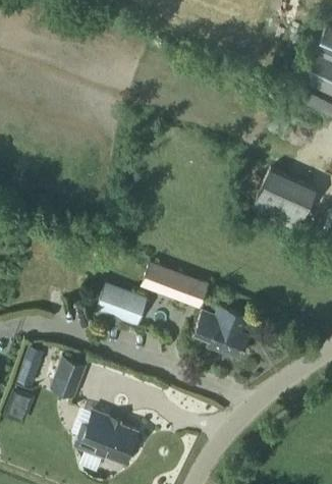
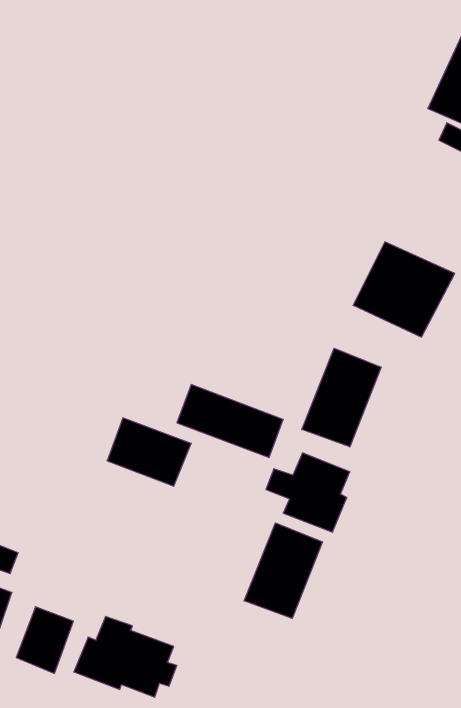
building: none -> [302,348,381,447]
building: none -> [244,523,322,618]
building: [50,356,87,398] -> [16,607,73,673]

